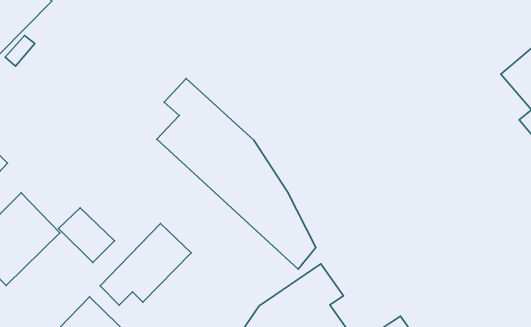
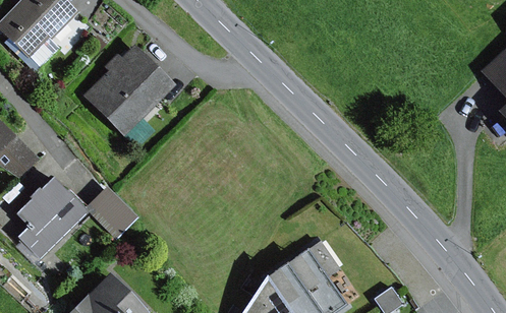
building: none -> [89,44,180,135]
building: [157,79,316,269] -> none
building: [100,224,191,305] -> none

